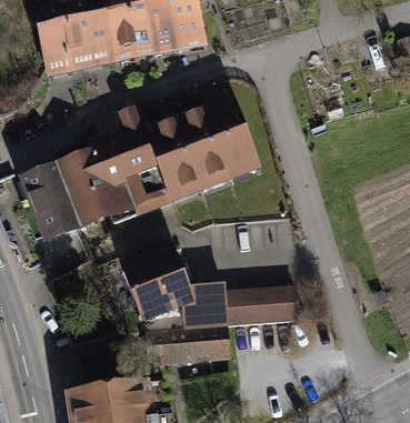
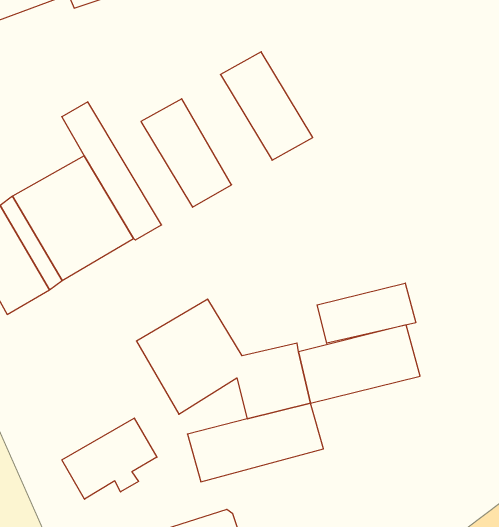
building: [118,105,172,199] -> none
building: [177,111,227,181] -> none
building: none -> [317,283,416,343]
building: none -> [62,418,157,499]

